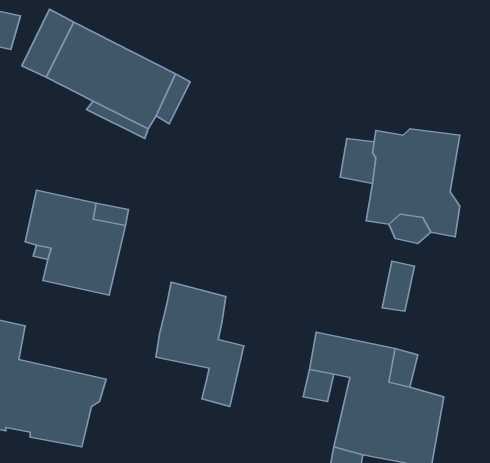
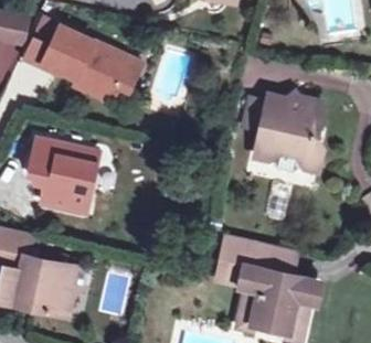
building: [156,282,244,406] -> none

